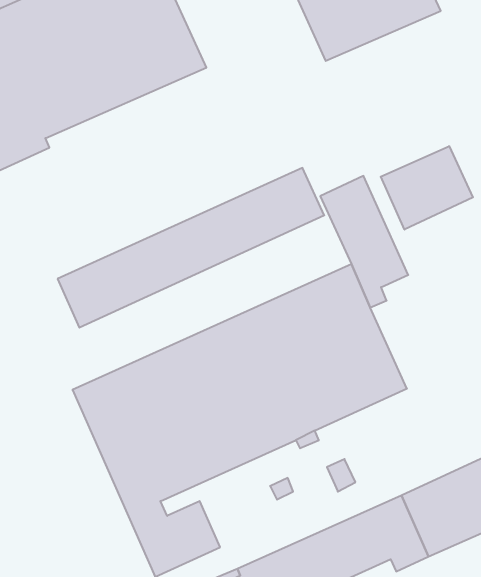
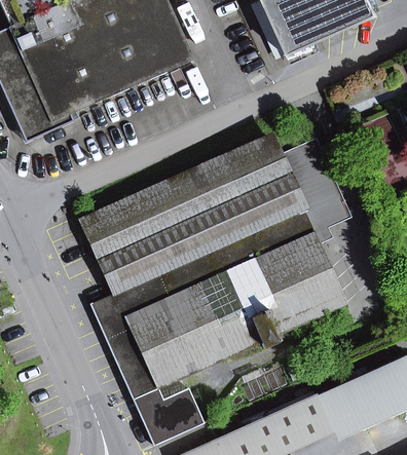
building: [381,146,473,230] -> none
building: none -> [97,170,301,293]

